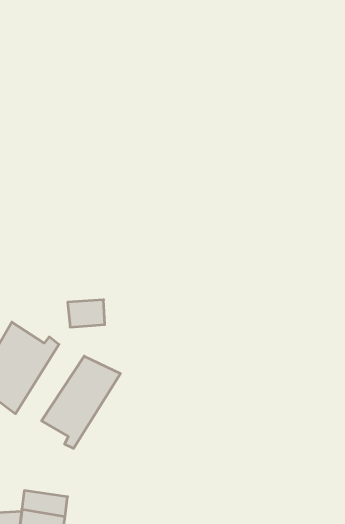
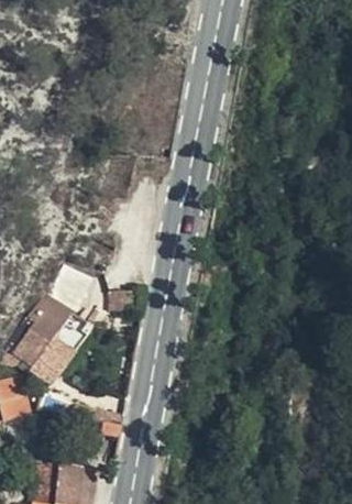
building: [42,356,120,448] -> none

